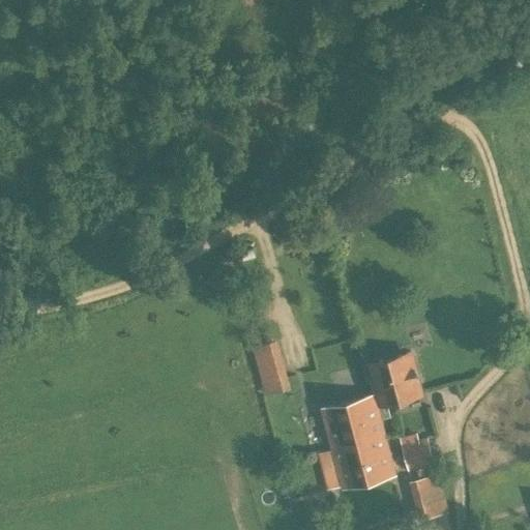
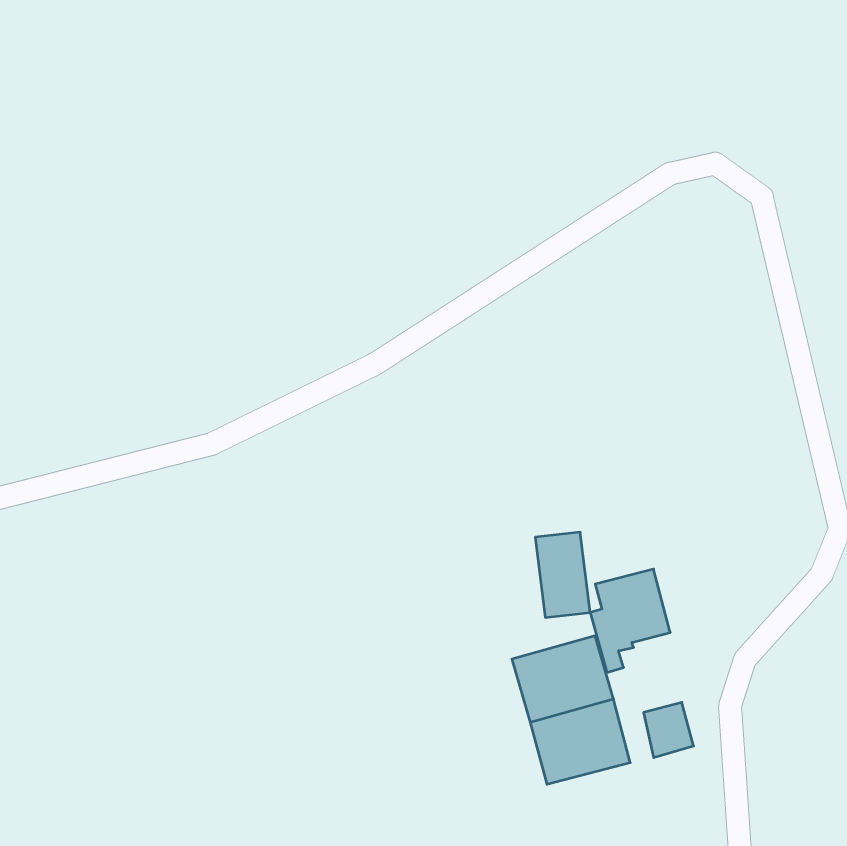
building: [258,344,292,396] -> [535,532,590,617]
building: [413,475,447,511] -> none

